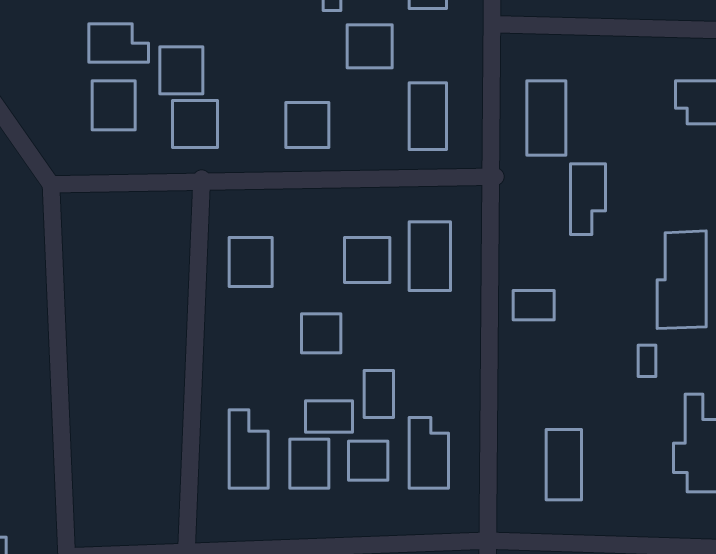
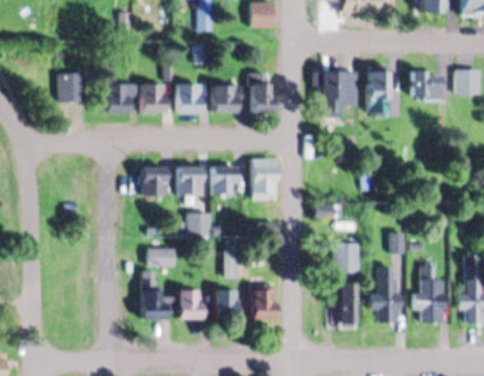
building: [89,24,149,62] -> none
building: [347,25,392,68] -> [213,87,241,113]
building: [160,47,203,94] -> [141,84,167,113]
building: [570,164,606,234] -> [370,73,391,115]
building: [657,231,706,329] -> [371,263,401,322]
building: none -> [176,167,203,198]
building: none -> [333,243,359,274]
building: [306,401,353,432] -> [147,249,175,268]

